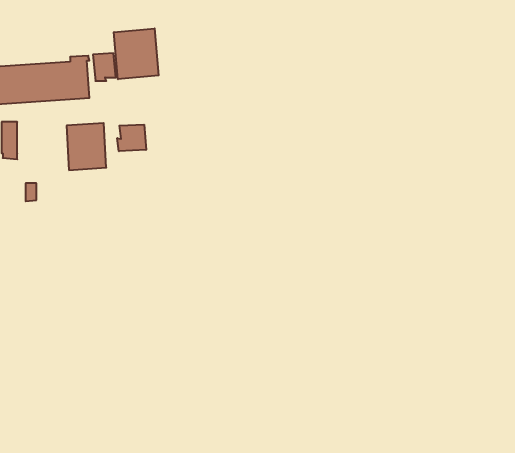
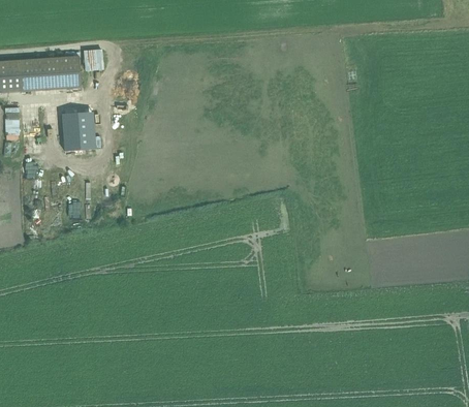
building: [114,28,159,79] -> none
building: [117,125,146,151] -> none

